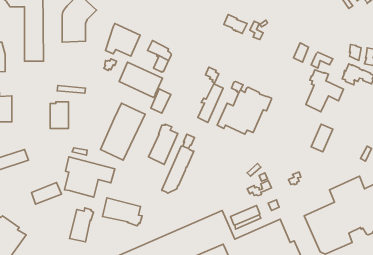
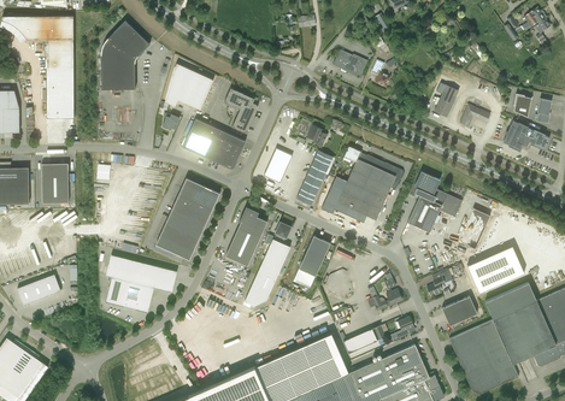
building: [306,70,343,112] -> [407,173,461,234]
building: [151,89,171,113] -> [264,148,293,183]
building: [50,102,68,129] -> [42,165,69,204]
building: none -> [299,236,330,276]
building: none -> [467,250,525,294]
building: [31,183,62,204] -> [18,275,61,306]
building: none -> [442,296,477,326]
building: [103,198,142,226] -> none
building: [69,208,93,242] -> none

